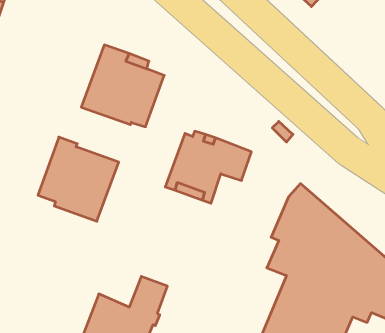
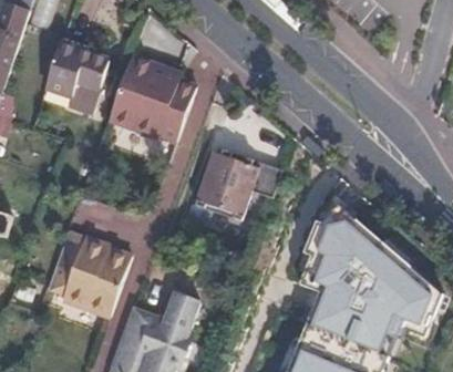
building: none -> [51,49,113,116]
building: [38,137,119,221] -> [48,232,130,318]

